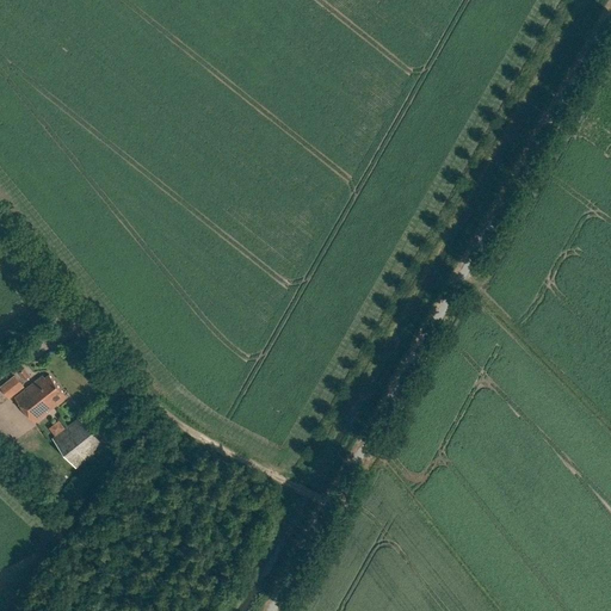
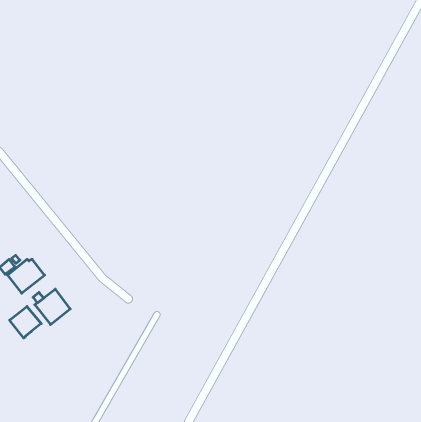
building: none -> [10,306,41,338]

